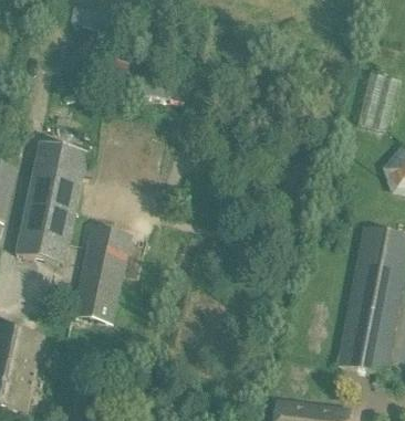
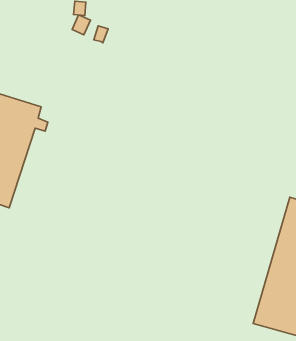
building: [72,225,131,322] -> none

